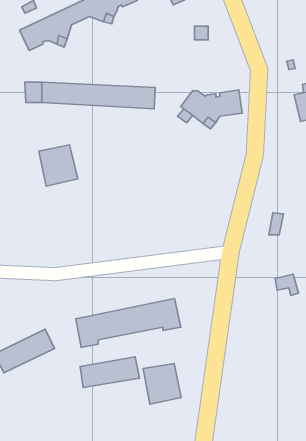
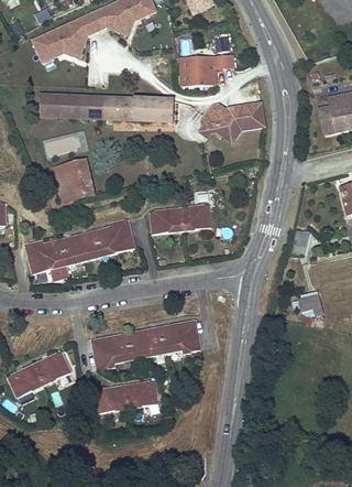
building: none -> [180,56,216,86]
building: none -> [151,205,211,234]
building: none -> [25,219,135,274]
building: [143,364,181,404] -> none

